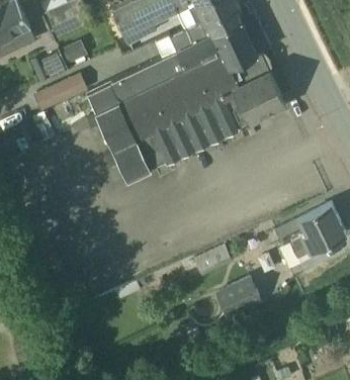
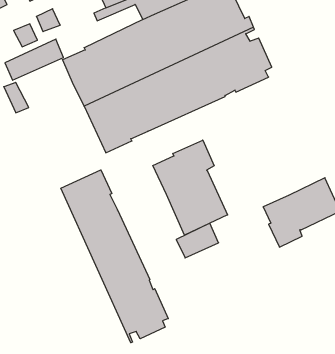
building: none -> [153,140,228,235]
building: none -> [61,170,168,343]
building: [213,278,262,320] -> none

